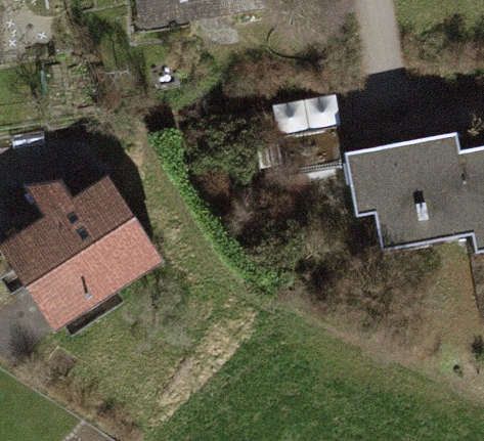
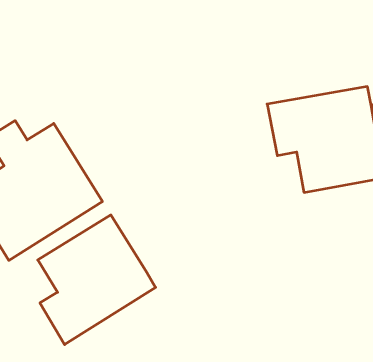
building: none -> [38,215,156,345]

